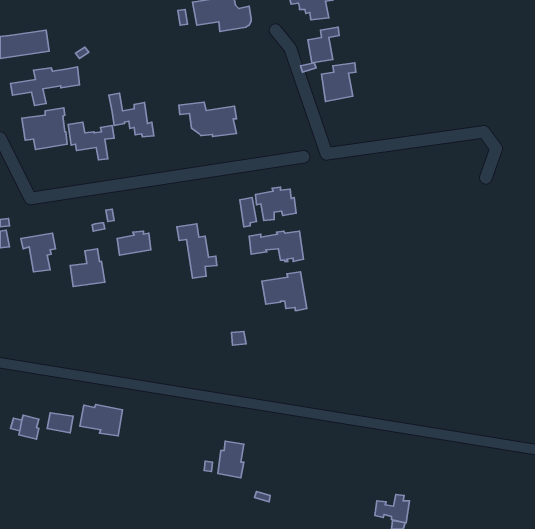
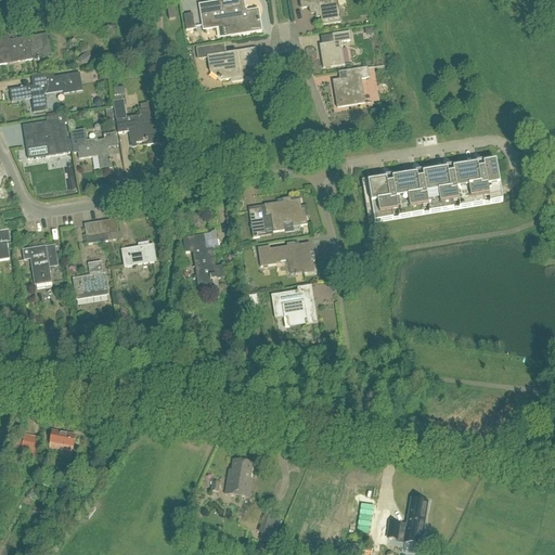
building: [179,102,236,137] -> [197,42,257,78]
building: none -> [361,156,503,219]
building: [80,404,122,436] -> none

